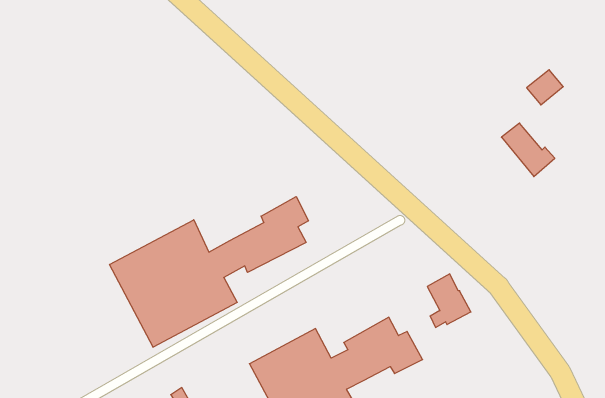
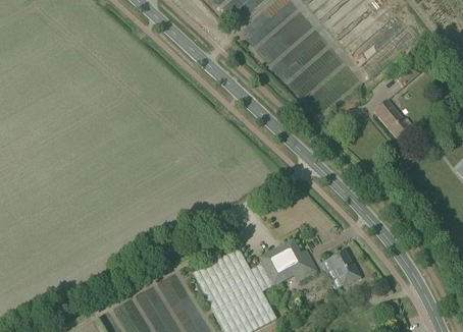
building: [110,197,308,347] -> none
building: [427,274,471,327] -> [329,250,361,288]

